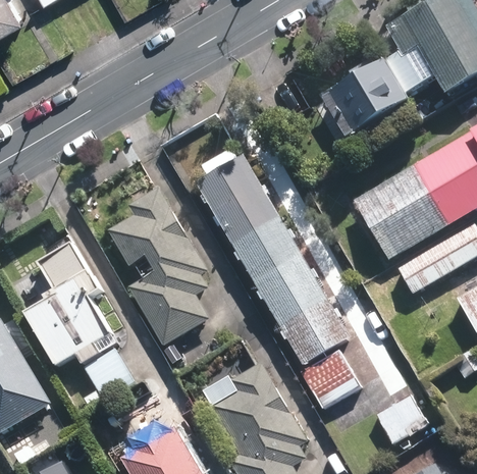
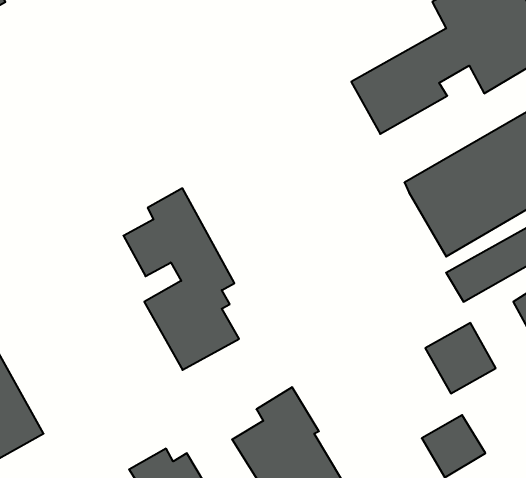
building: [196,151,352,362] -> none
building: [15,255,128,402] -> none
building: [307,345,369,407] -> [425,323,496,393]

